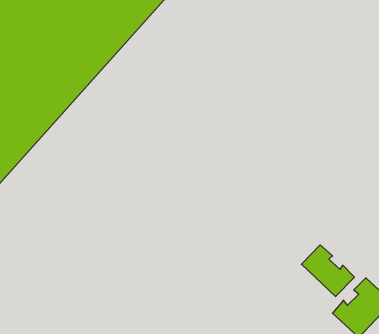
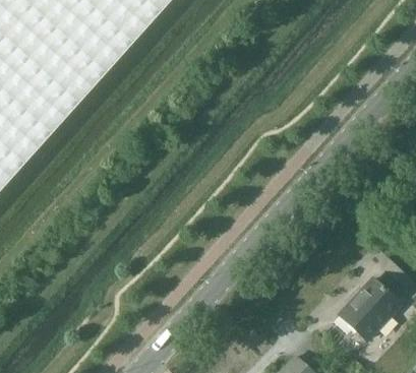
building: [301,245,354,297] -> none

